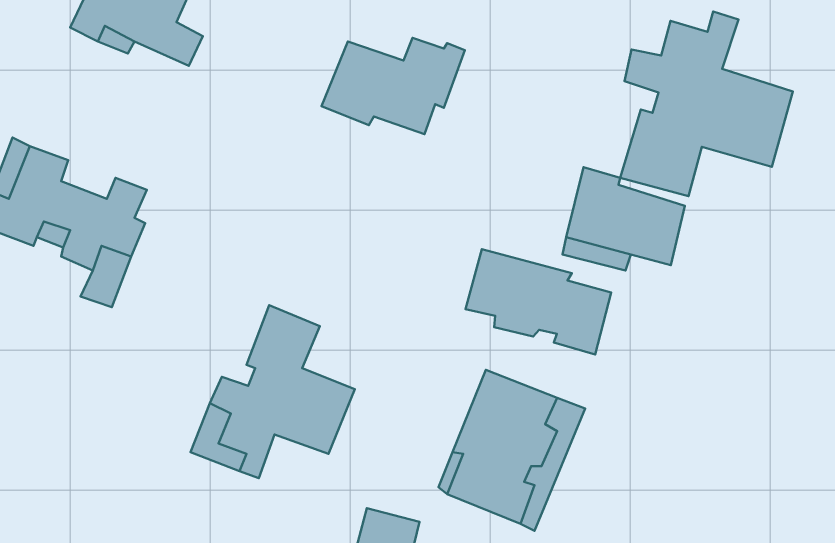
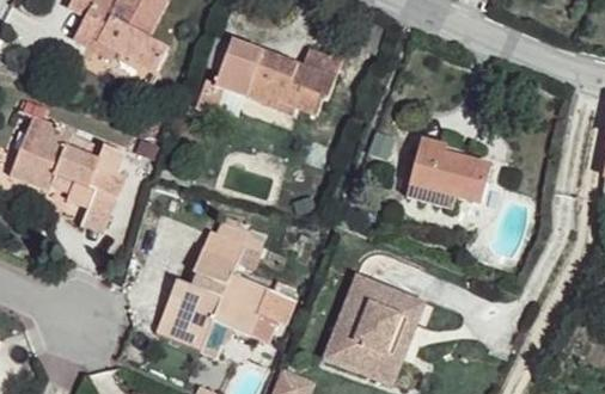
building: [620,12,793,196] -> none
building: none -> [216,41,262,94]
building: [465,249,611,355] -> none
building: none -> [249,288,293,339]

